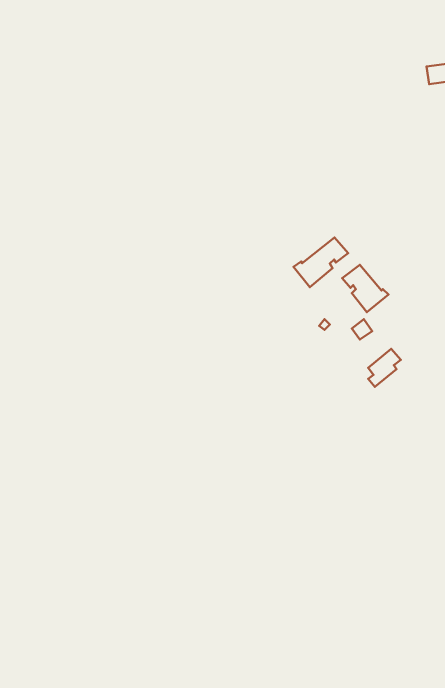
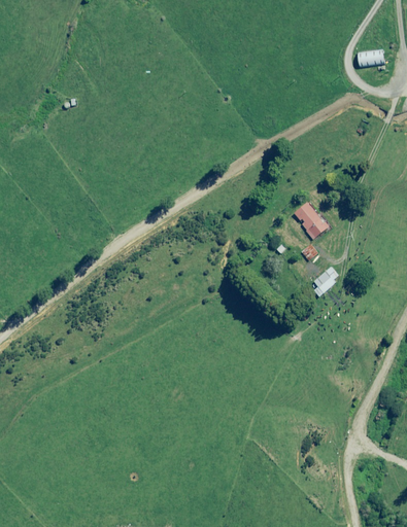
building: [293,238,348,287] -> none

